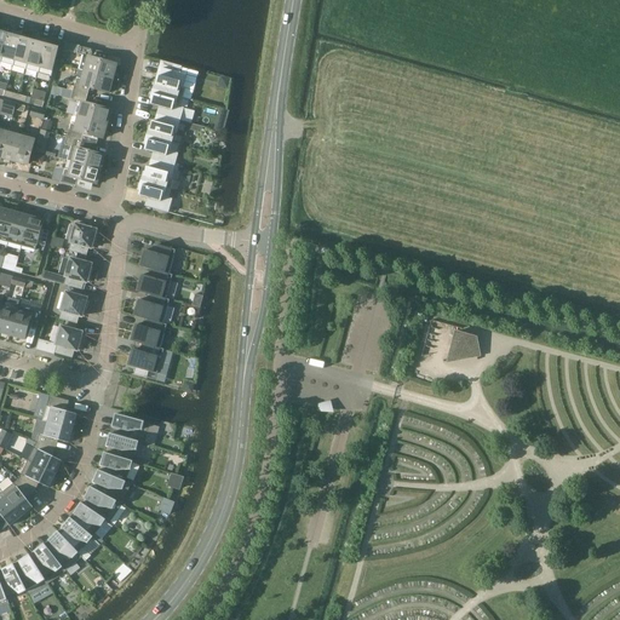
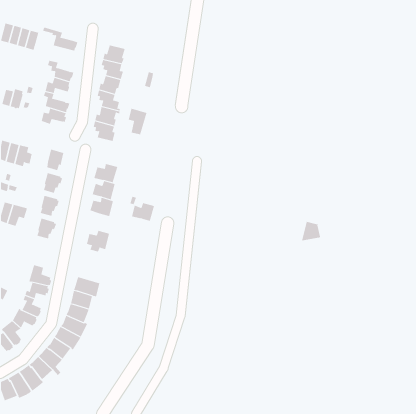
building: [68,68,111,93] -> none
building: none -> [128,108,147,135]
building: [131,318,166,348] -> [131,203,155,222]

